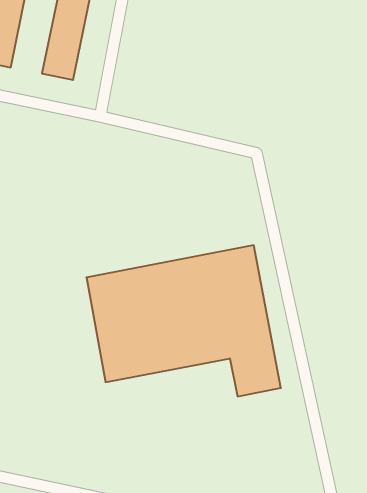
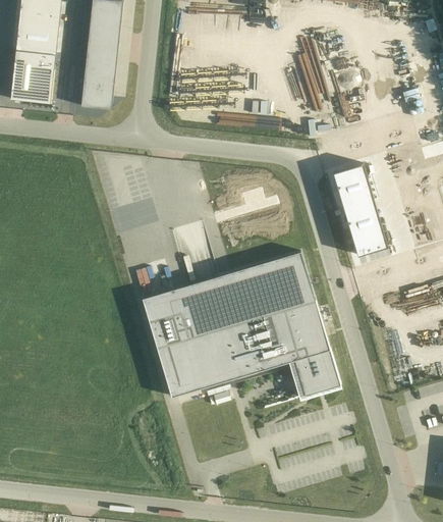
building: none -> [332,165,386,256]

